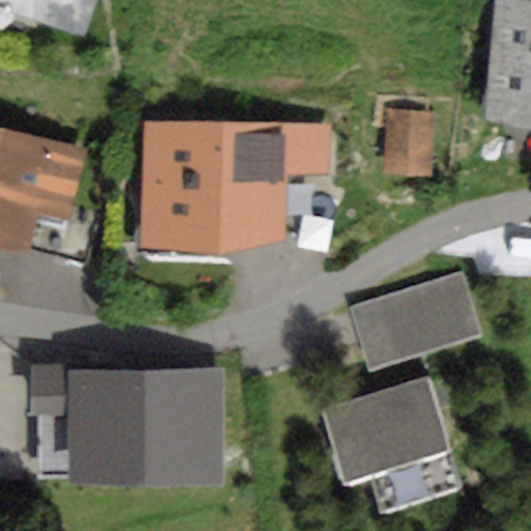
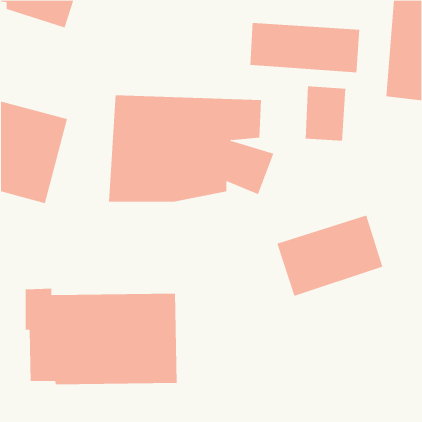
building: none -> [250,22,360,73]
building: [318,373,465,511] -> none

